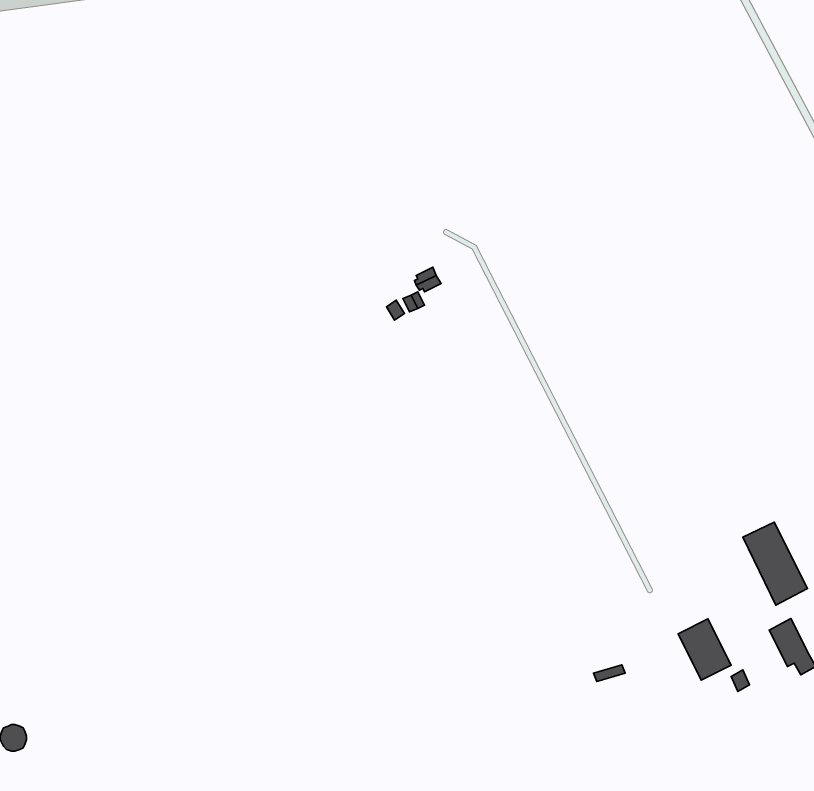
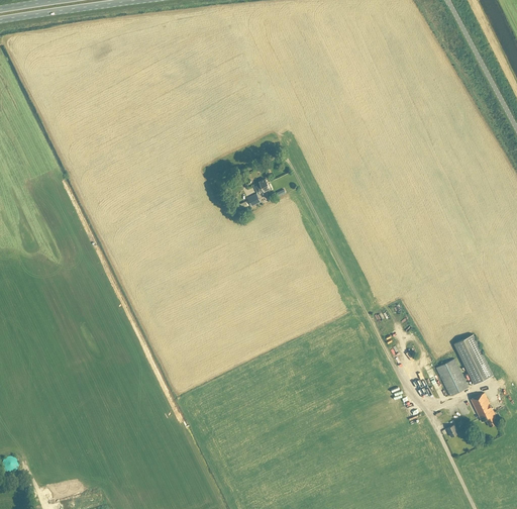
building: [678,619,731,680] -> [435,359,468,396]

